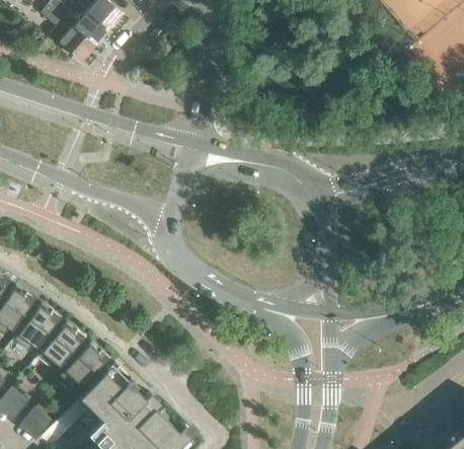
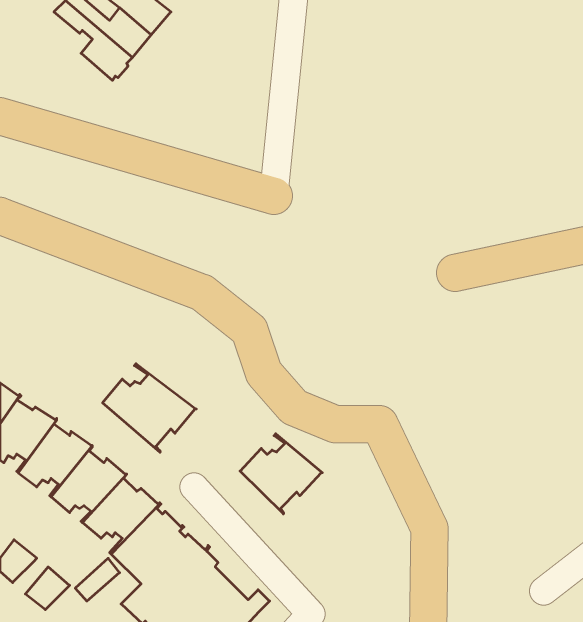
building: none -> [103,364,196,452]
building: none -> [240,434,322,514]

